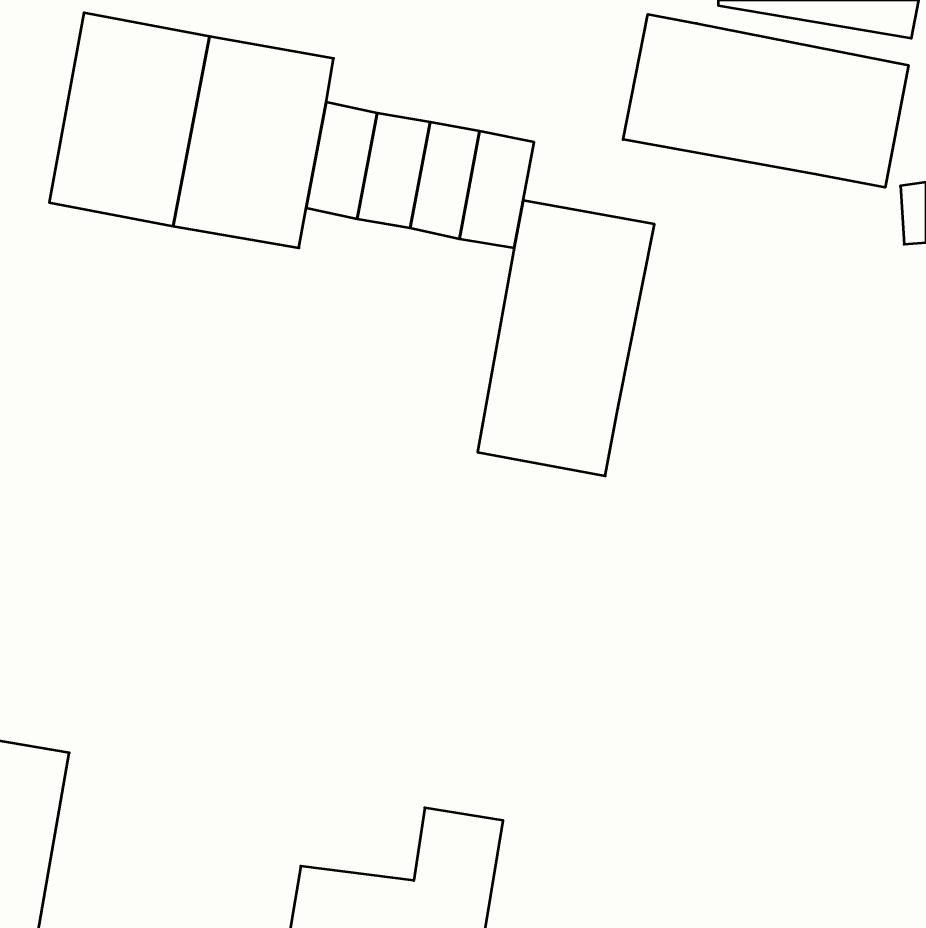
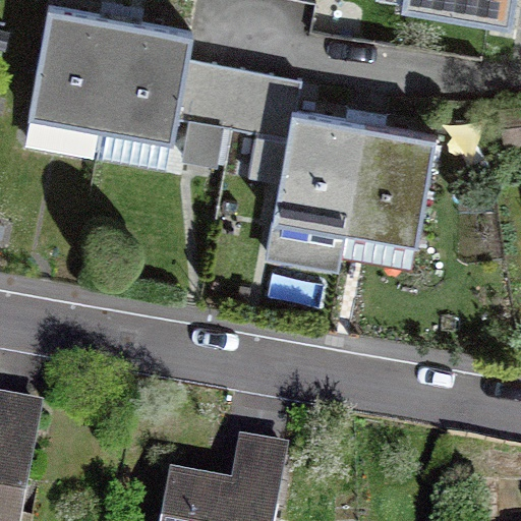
building: [623,14,908,187] -> none
building: none -> [345,127,439,244]

